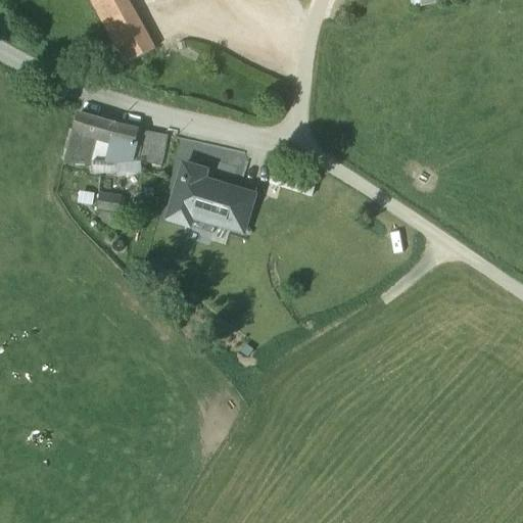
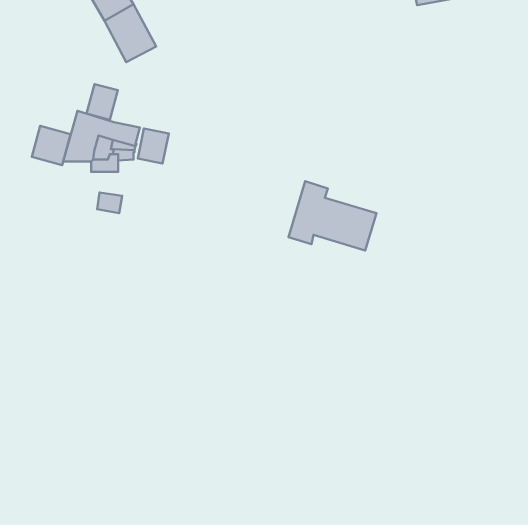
building: none -> [87,84,118,120]
building: none -> [32,126,70,165]
building: [168,160,254,229] -> [289,181,377,250]

